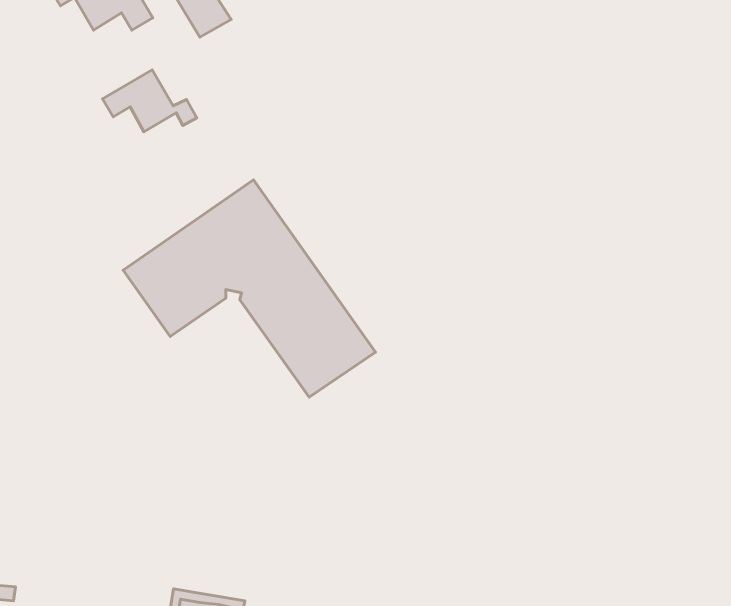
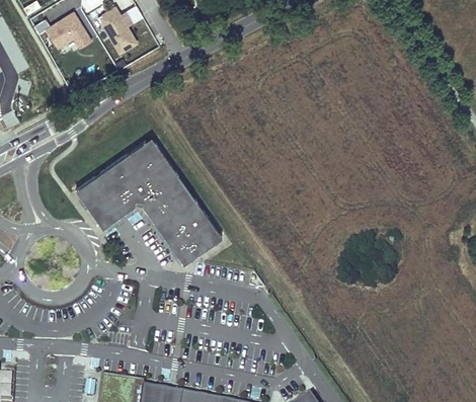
building: [103,70,197,132] -> none

